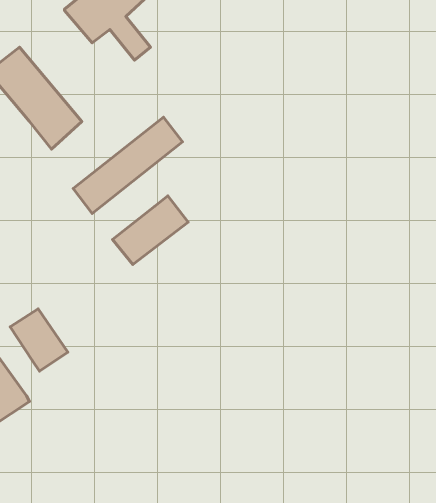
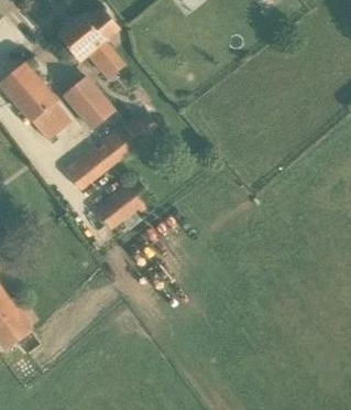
building: none -> [64,77,113,128]
building: [10,309,68,371] -> none

